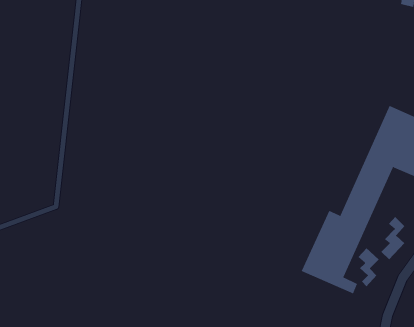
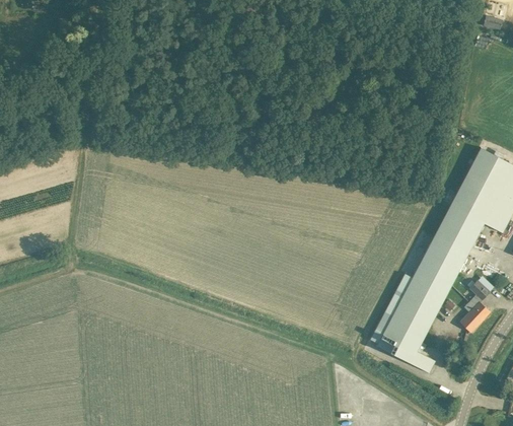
building: [358,247,379,287] -> none

